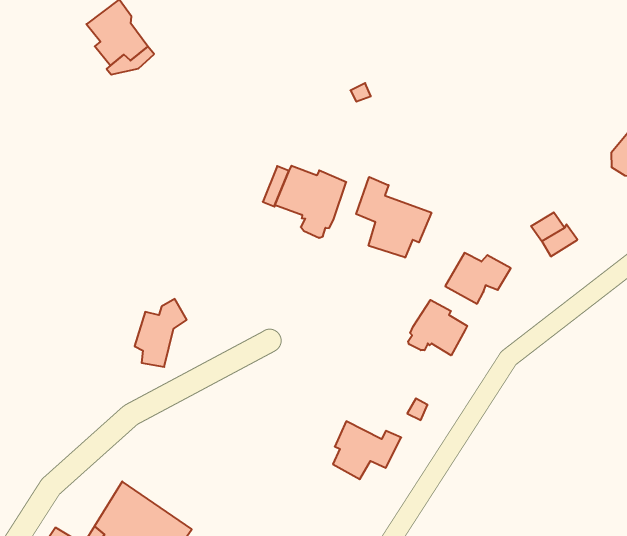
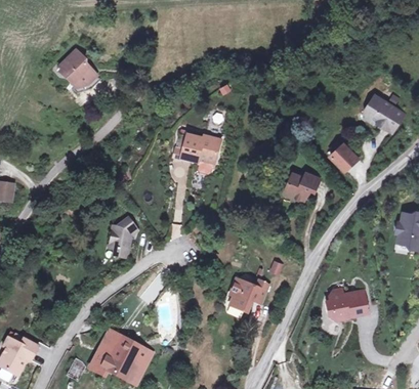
building: [356,177,431,258] -> none
building: [408,300,467,355] -> none
building: none -> [325,287,365,318]

